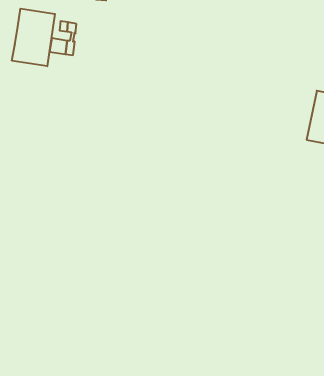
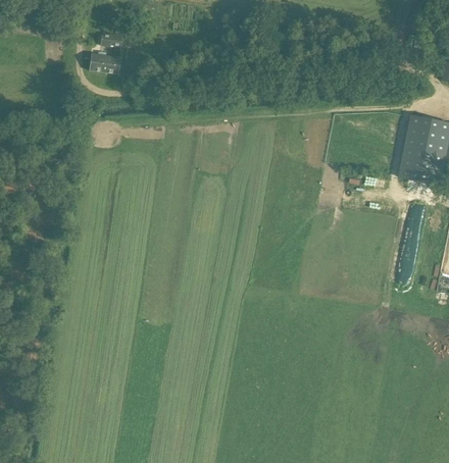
building: [12,9,55,66] -> none

